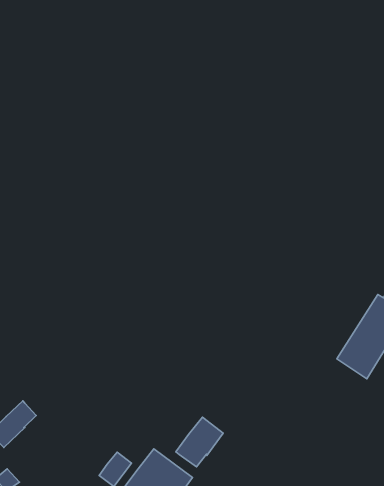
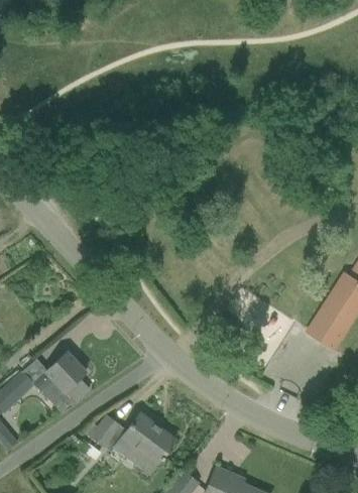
building: none -> [33,351,90,412]
building: [176,417,223,467] -> none

